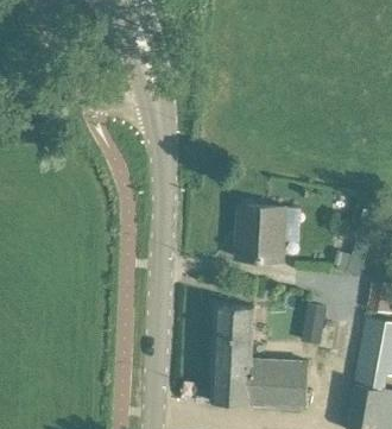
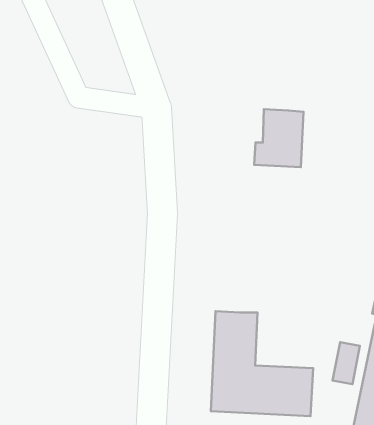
building: [236,204,284,260] -> [254,109,303,167]
building: [301,303,327,343] -> [333,342,360,384]

